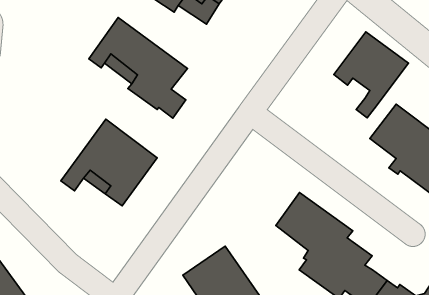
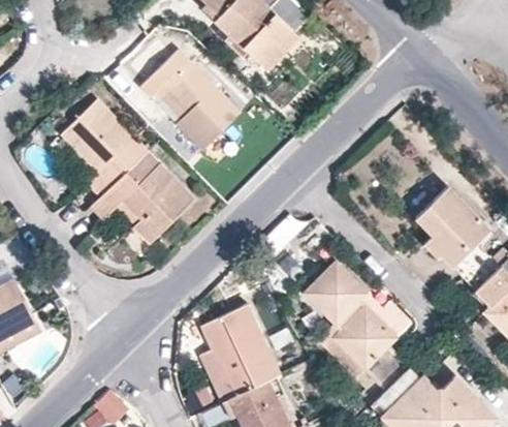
building: [334,32,408,118] -> none
building: none -> [60,100,148,199]

